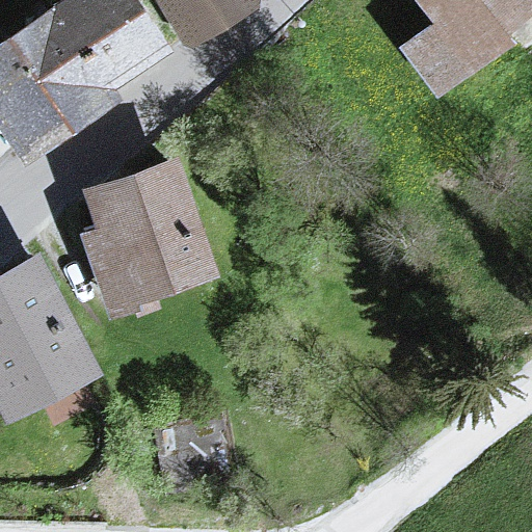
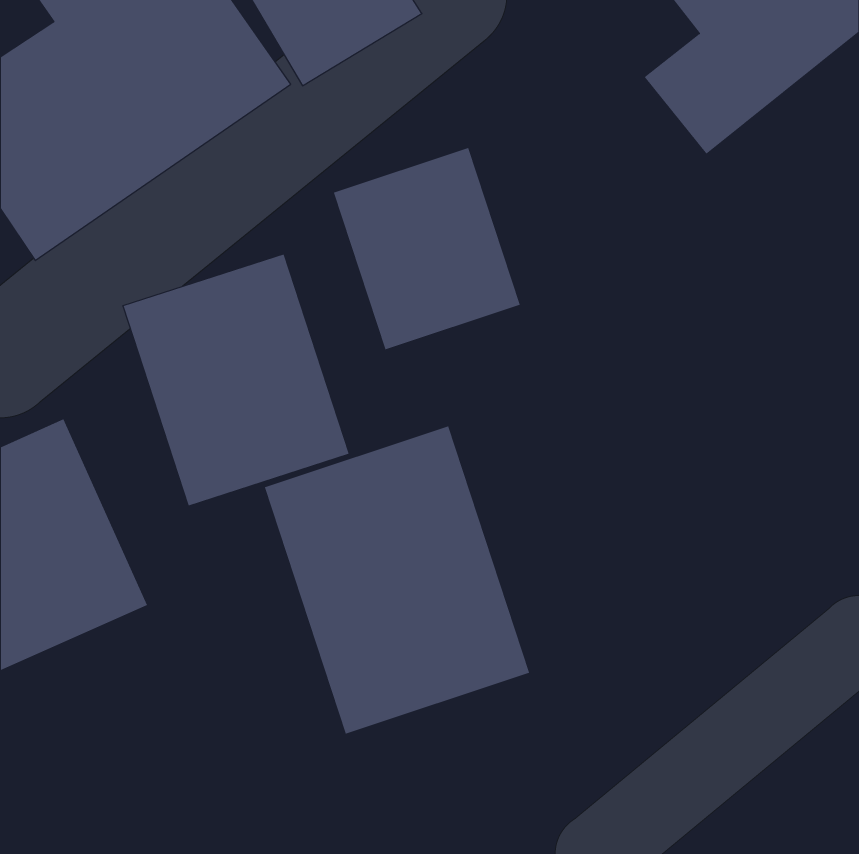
building: none -> [333,147,520,350]
building: none -> [264,425,530,734]

